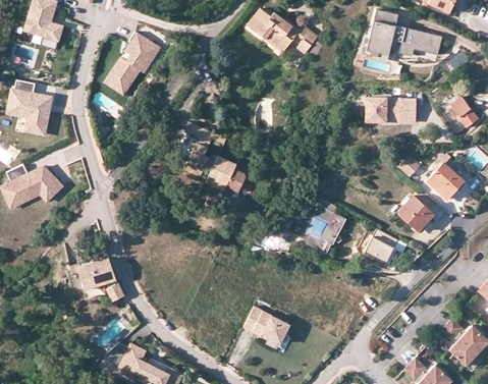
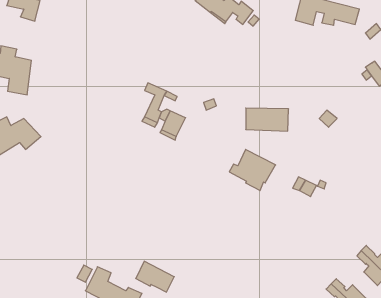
building: [103,33,161,96] -> none
building: [367,96,418,123] -> [246,108,289,131]
building: [427,164,464,200] -> none
building: [397,197,433,231] -> none
building: [77,256,125,303] -> none
building: [243,306,289,342] -> [136,261,174,292]

